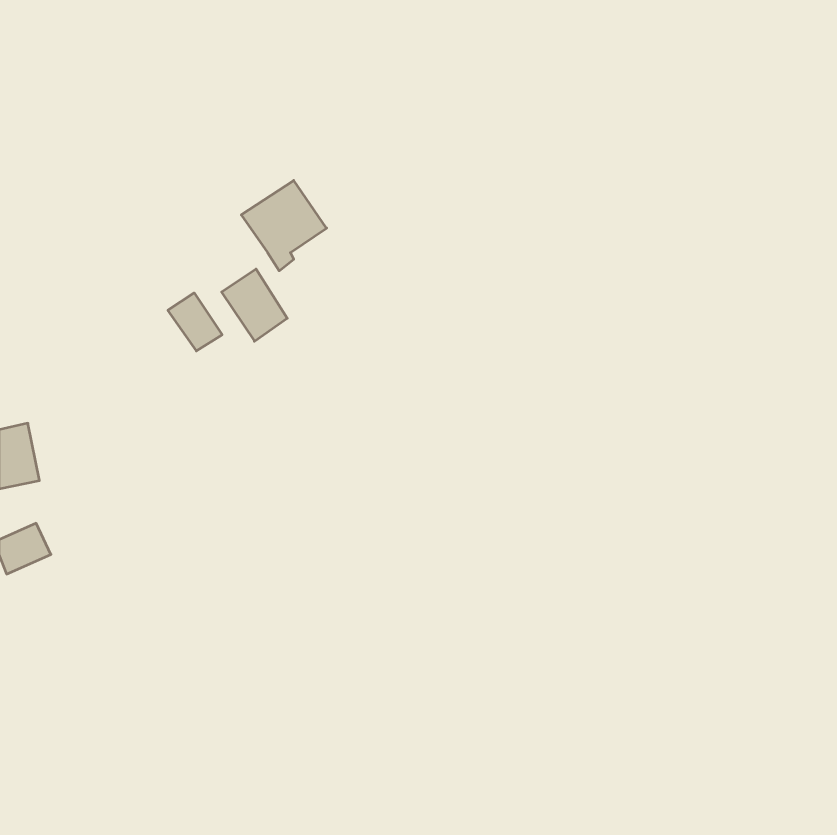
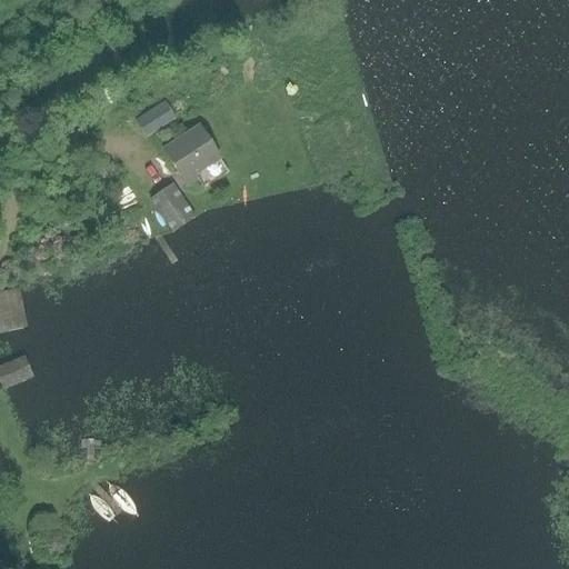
building: none -> [132,97,176,137]
building: [168,293,222,351] -> none

